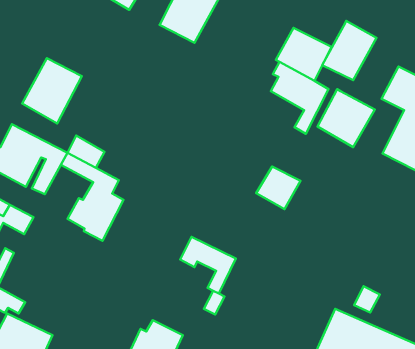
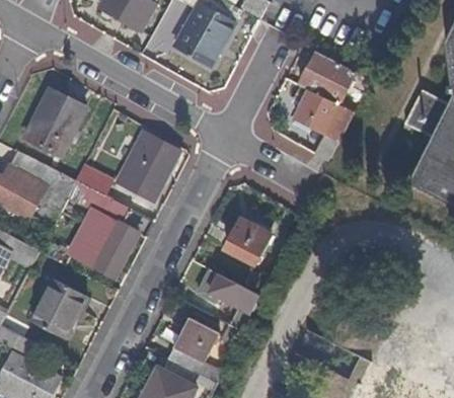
building: [322,21,376,80] -> none
building: [318,89,375,147] -> none
building: none -> [121,136,176,198]
building: [256,167,300,209] -> [221,222,269,267]
building: none -> [31,278,87,340]
building: none -> [165,321,222,386]

